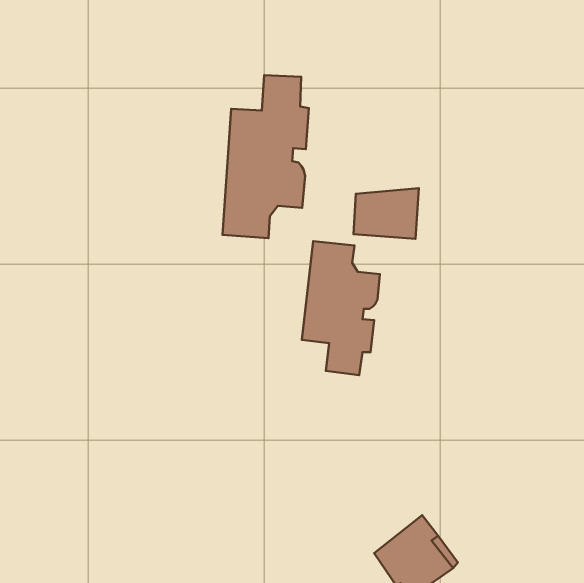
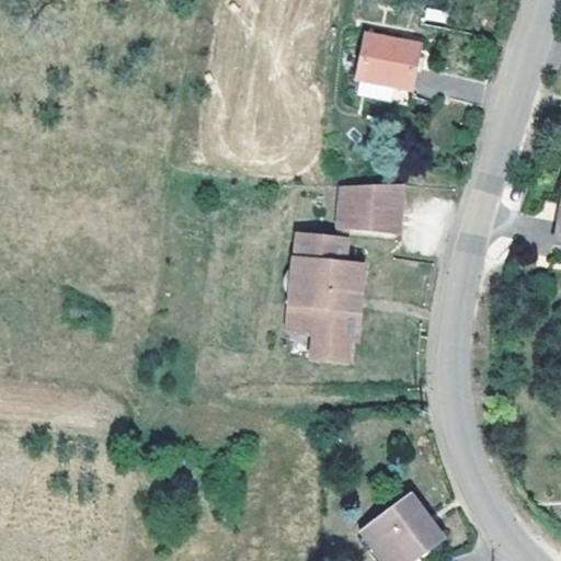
building: none -> [357,31,417,84]
building: [223,75,309,238] -> none

